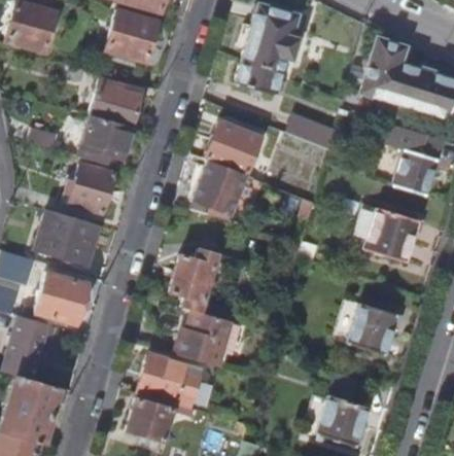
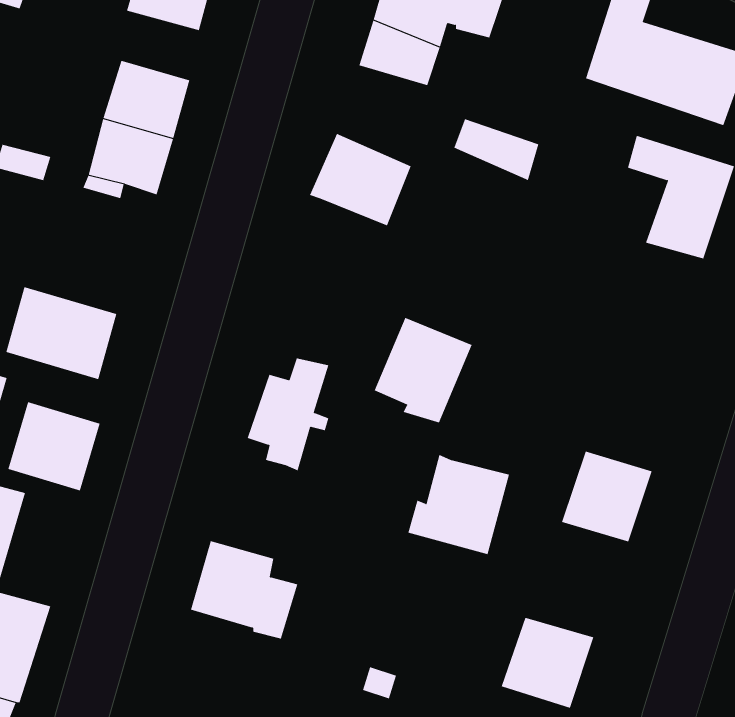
building: [67,160,114,210] -> none
building: [195,160,250,219] -> [374,317,472,423]
building: [365,208,420,260] -> none
building: [175,310,233,366] -> [408,454,510,555]
building: [126,393,197,444] -> none

